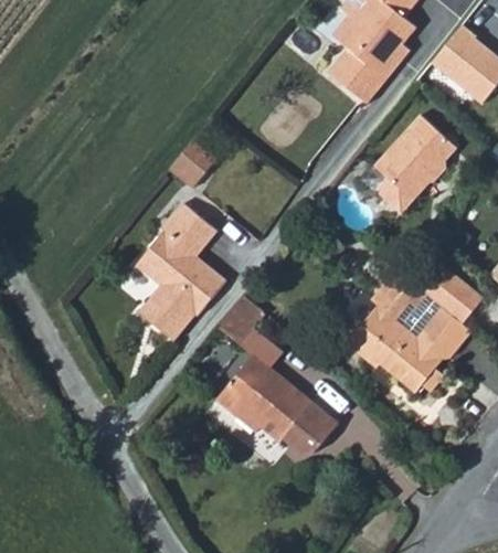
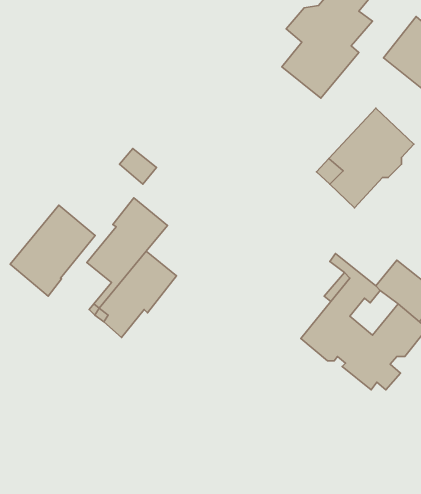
building: none -> [10,205,95,296]
building: [218,295,263,342] -> none
building: [218,353,340,454] -> none

